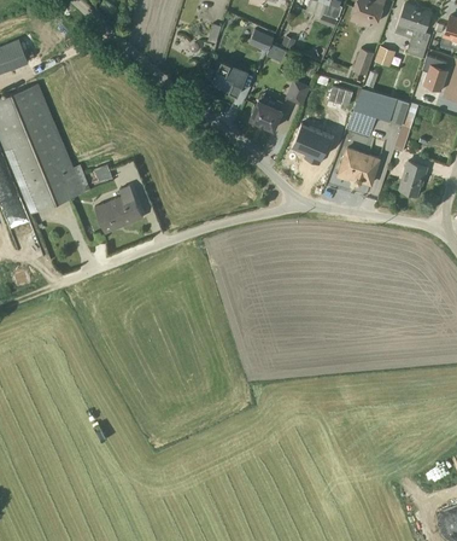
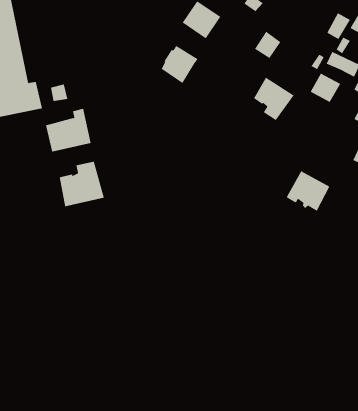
building: [251,93,286,129] -> [161,45,198,84]
building: [339,146,380,184] -> [286,170,330,212]
building: none -> [59,161,104,207]

